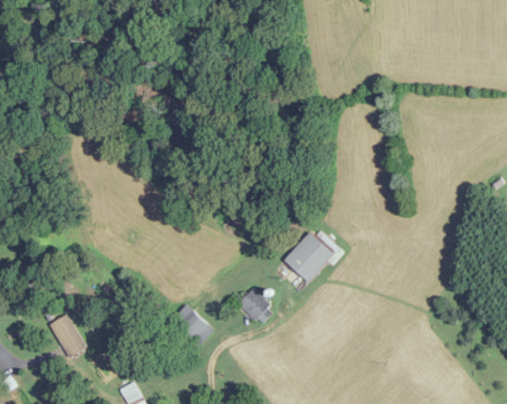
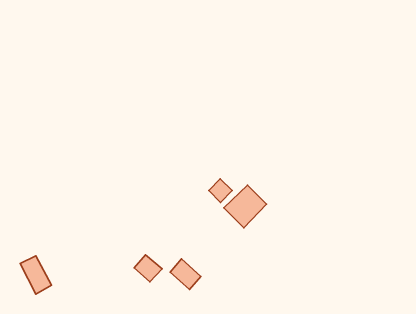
building: none -> [209,179,232,203]
building: [239,289,274,324] -> [170,259,201,289]

